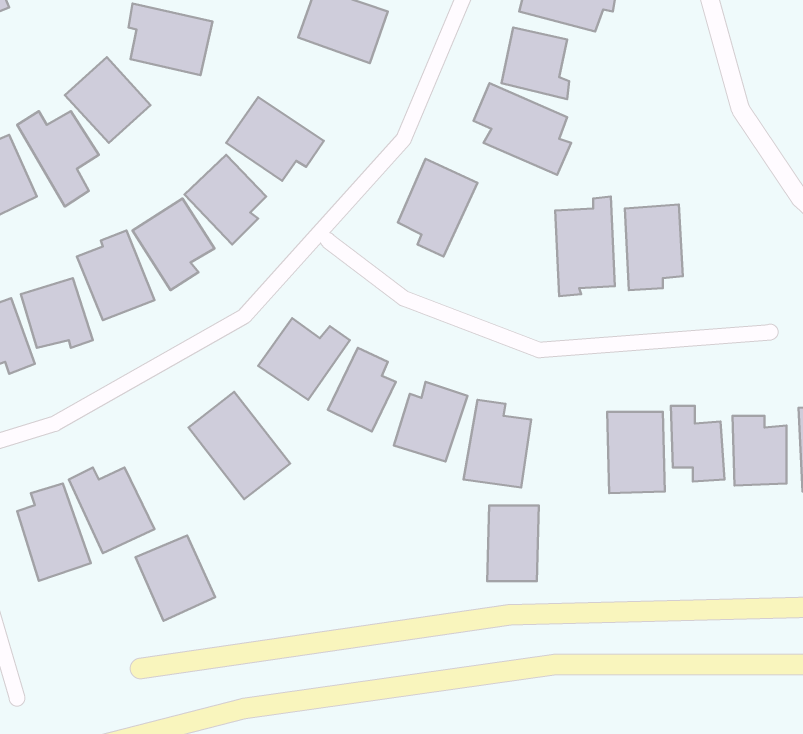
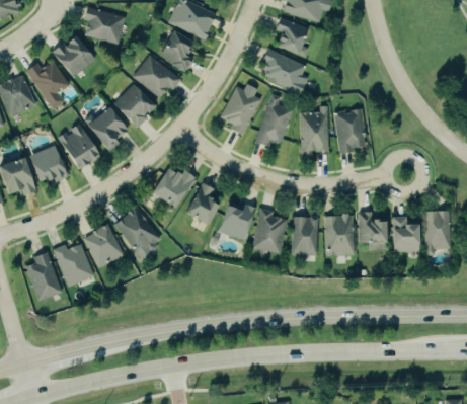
building: none -> [157,30,192,72]
building: none -> [254,97,295,147]
building: [487,505,539,581] -> [294,217,320,255]
building: [135,535,215,621] -> [84,224,125,267]

